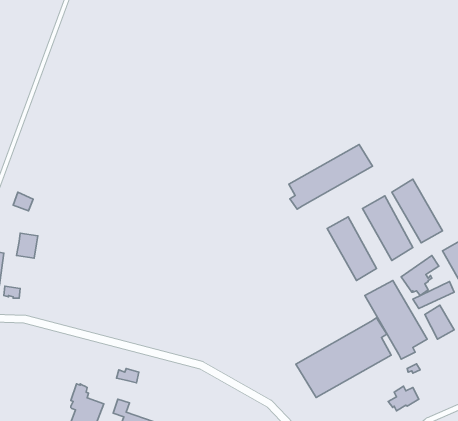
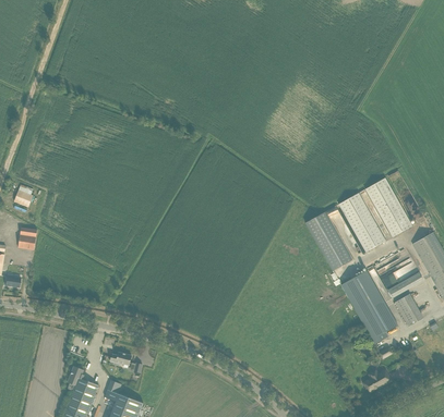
building: [289,145,372,209] -> none
building: [296,318,391,398] -> none

